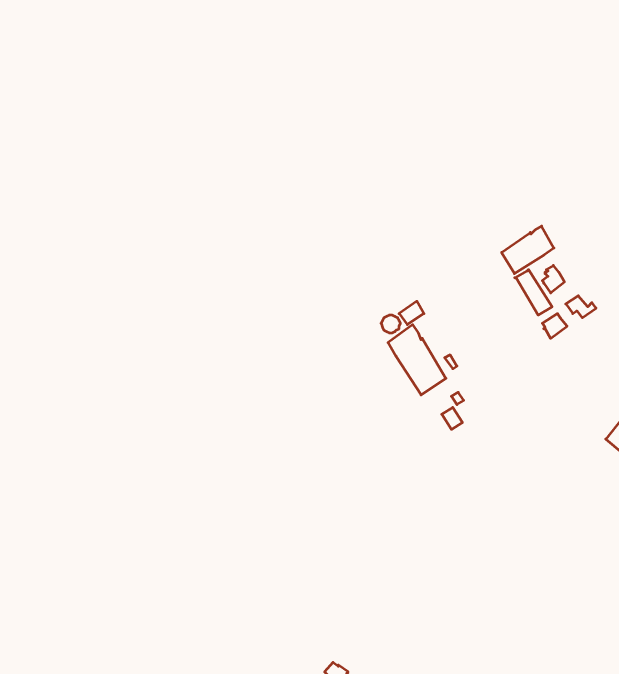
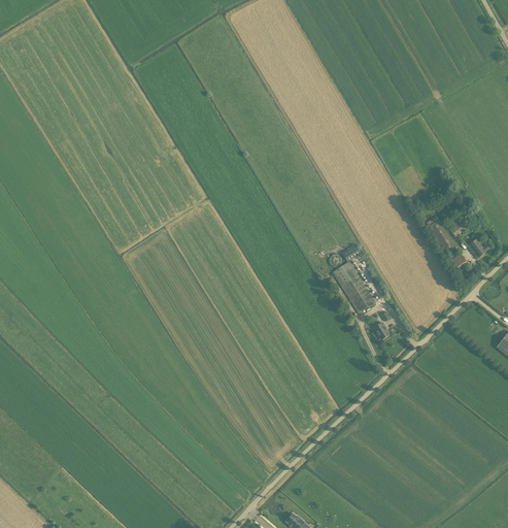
building: [502,226,554,274] -> none

